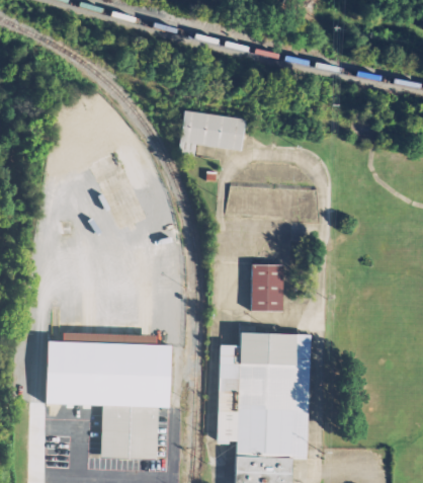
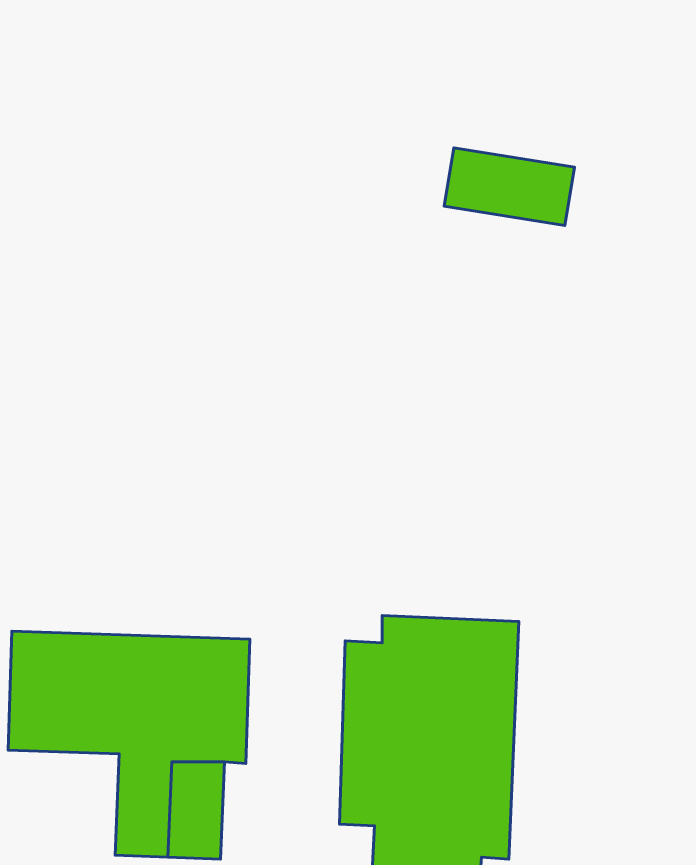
building: [178,110,246,151] -> [444,148,575,226]
building: [251,264,282,311] -> none

